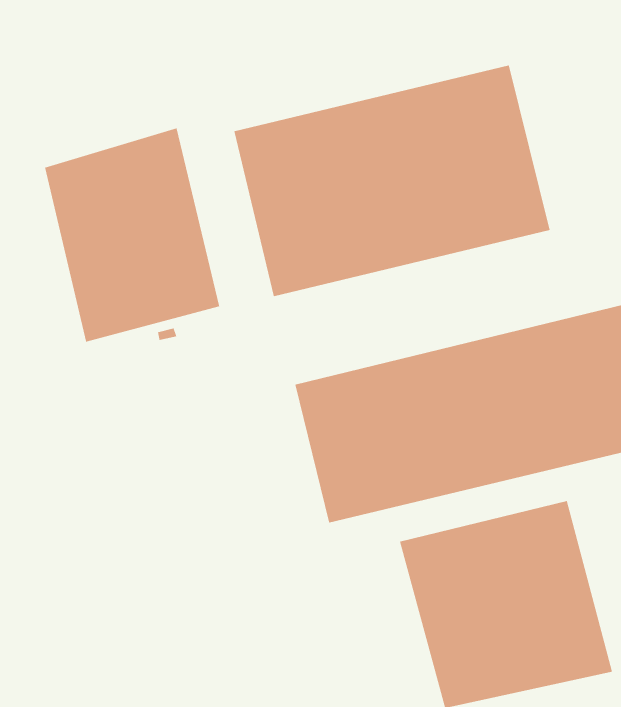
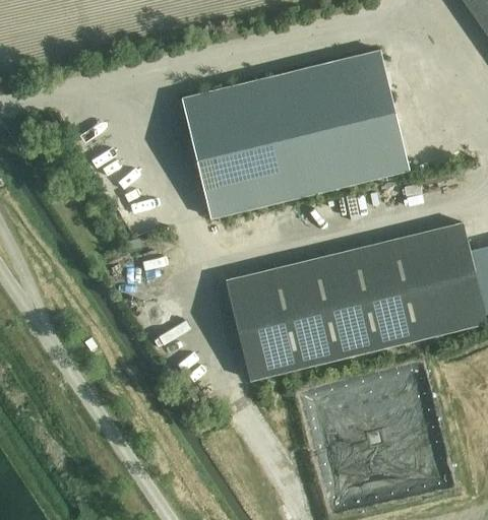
building: [45,128,220,342] -> none

